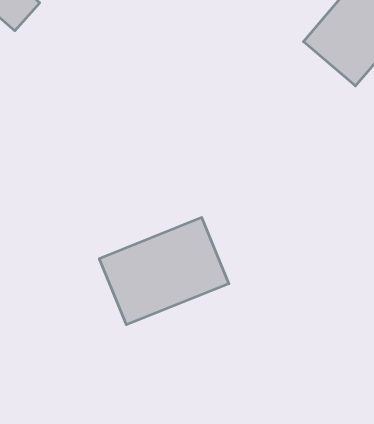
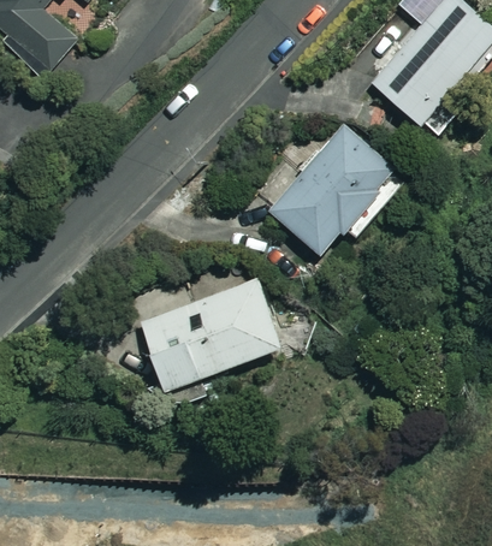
building: none -> [265,120,398,259]

